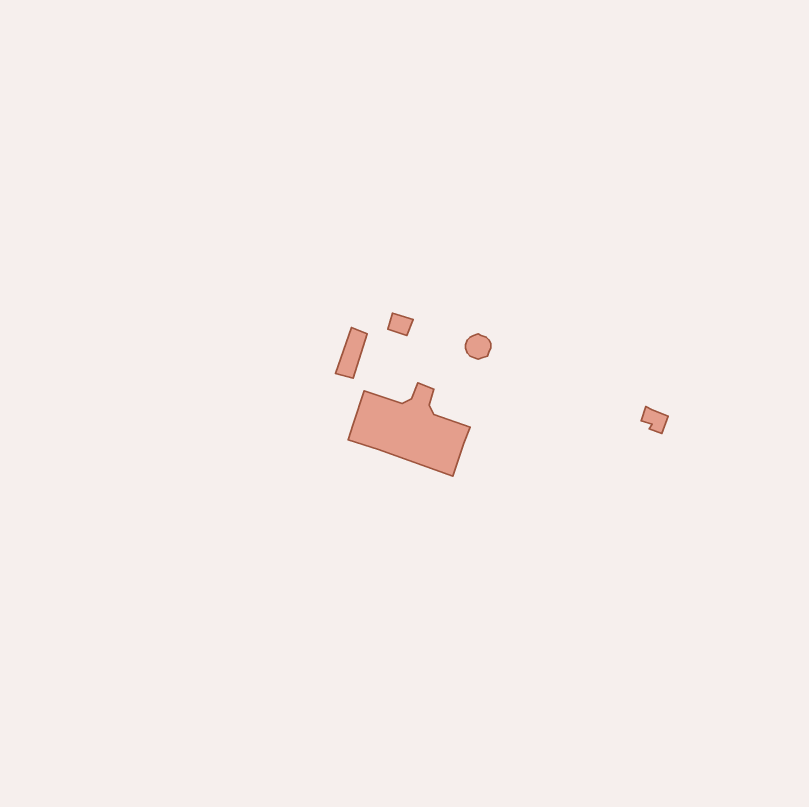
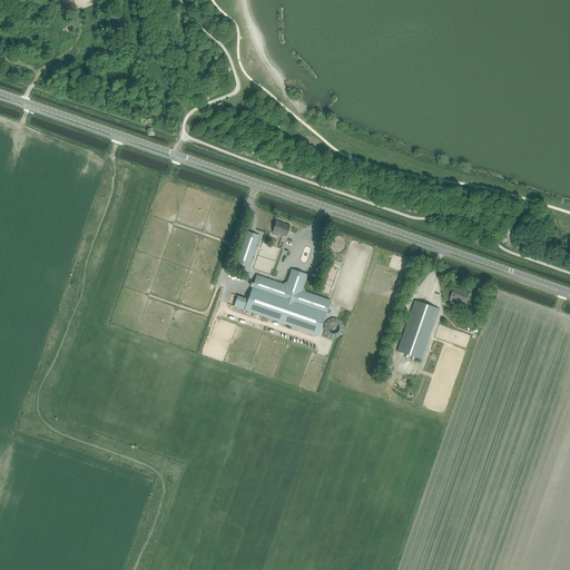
building: none -> [397,299,440,360]

